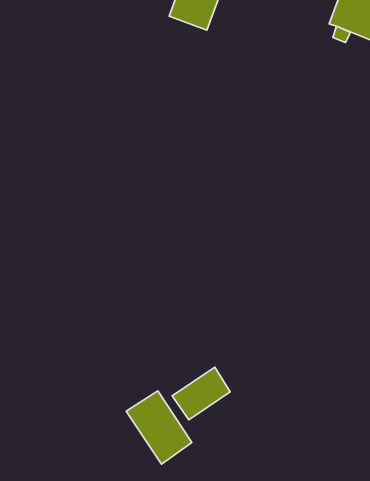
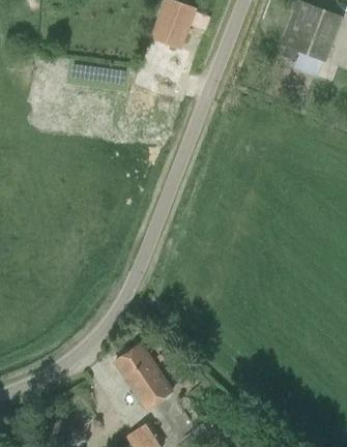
building: [172,367,230,420] -> none

